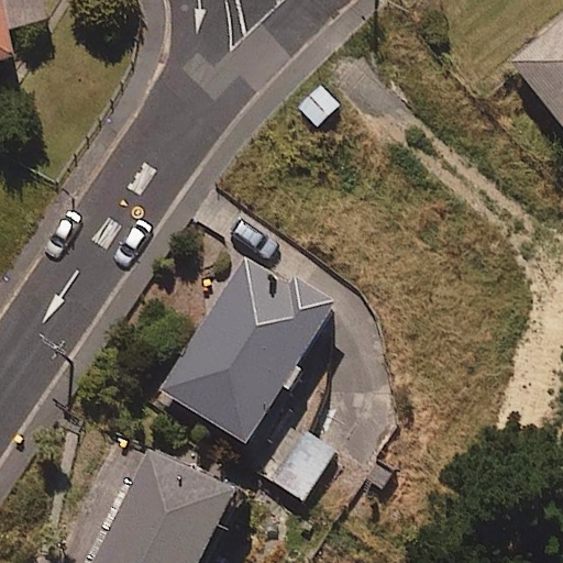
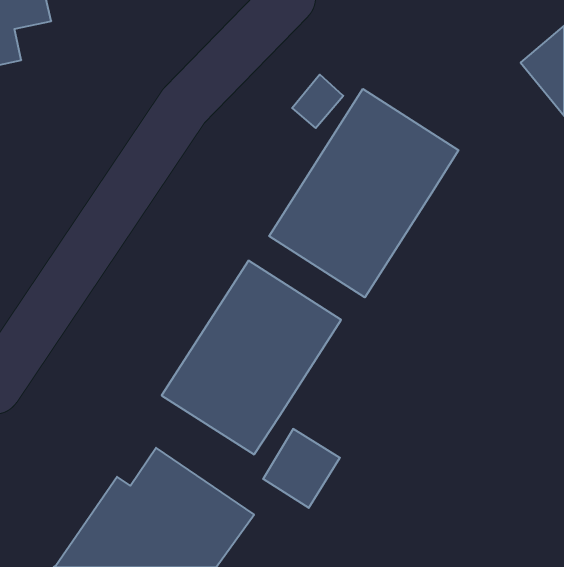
building: none -> [269,89,458,297]

